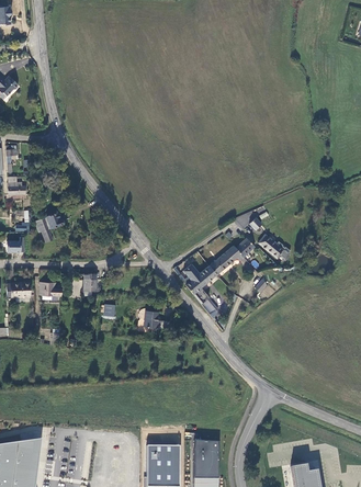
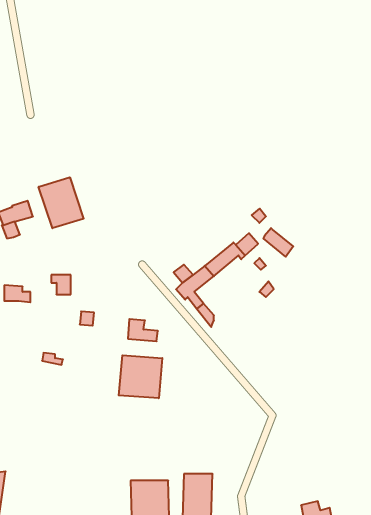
building: none -> [39,177,84,228]
building: none -> [119,355,162,398]

